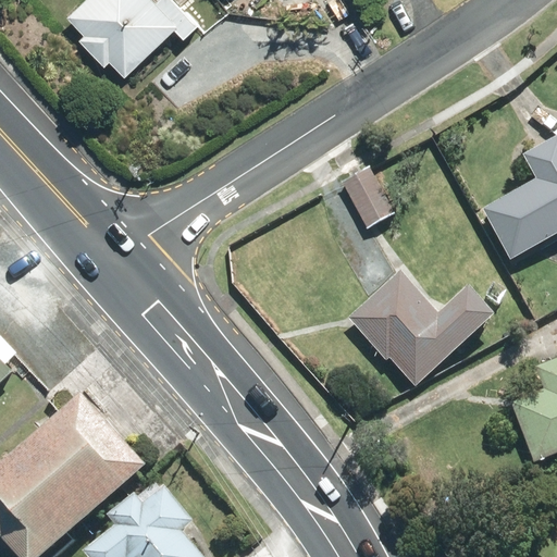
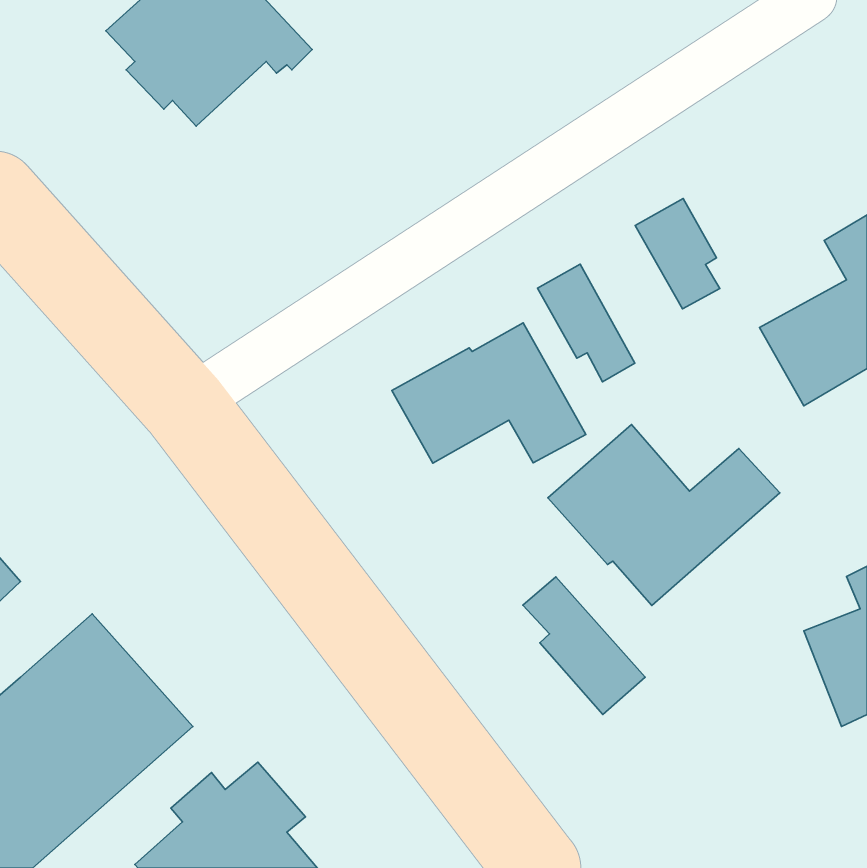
building: none -> [635,199,720,309]
building: none -> [392,323,586,463]
building: none -> [523,577,645,715]

